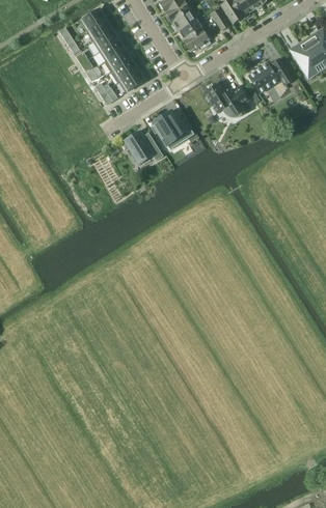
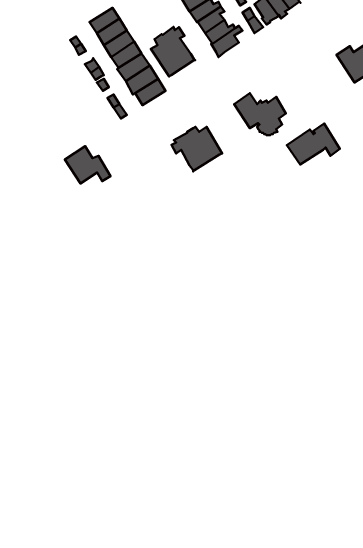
building: none -> [151,27,195,77]
building: [247,58,293,93] -> [287,123,340,164]
building: [123,131,162,163] -> [65,146,111,183]

